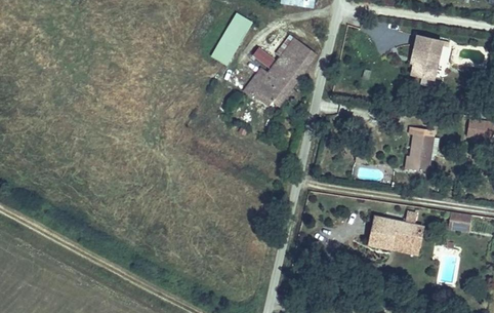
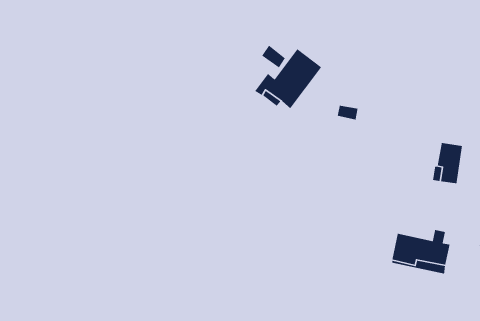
building: [210,12,252,64] -> none
building: [411,35,442,78] -> none
building: [284,36,316,66] -> none

